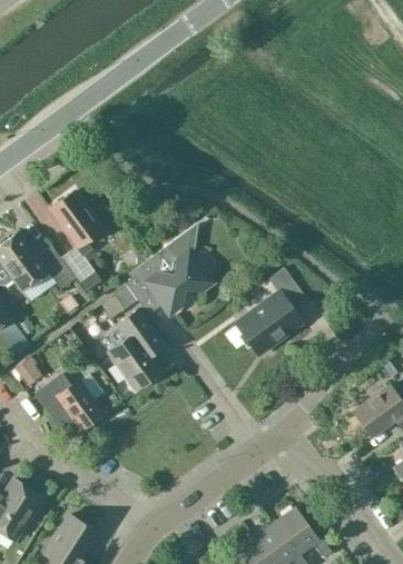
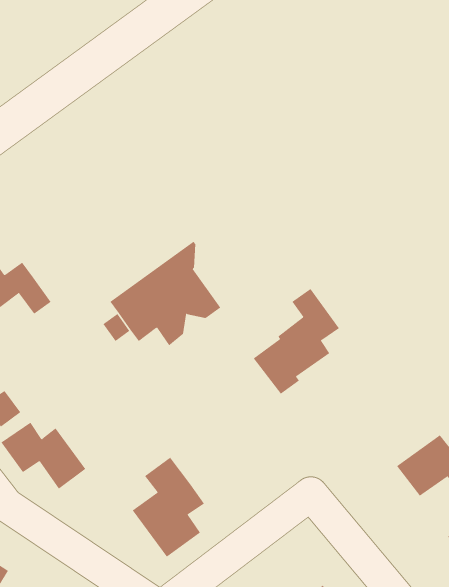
building: [51,192,102,294] -> none
building: [107,309,166,390] -> [132,457,205,557]

